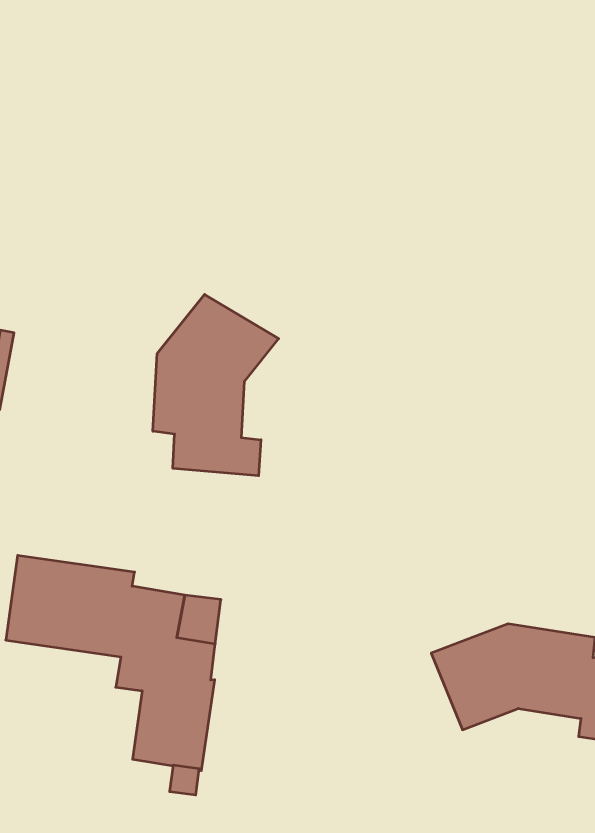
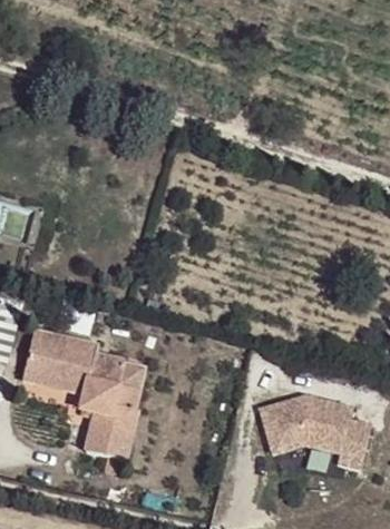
building: [153,294,279,476] -> none

